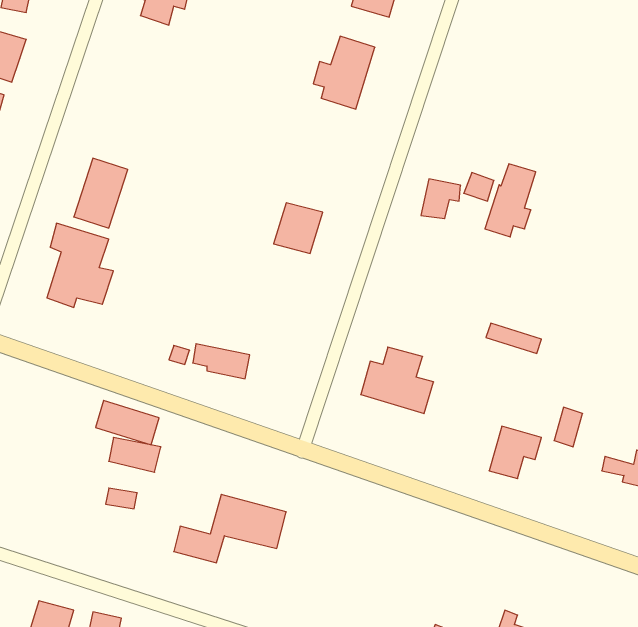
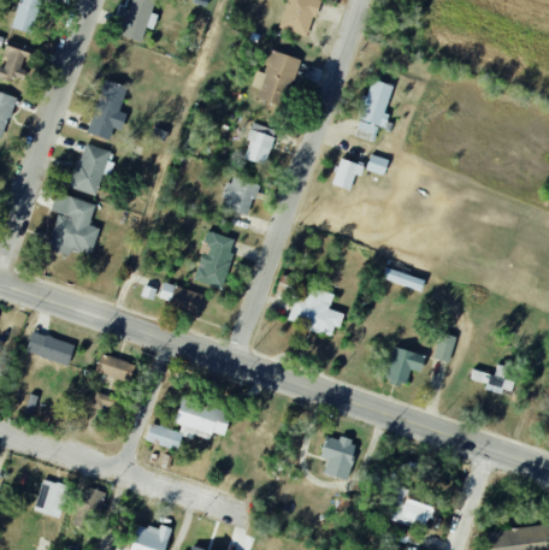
building: none -> [88,79,126,140]
building: none -> [242,123,277,165]
building: [485,164,536,237] -> [354,79,392,135]
building: none -> [194,231,235,288]
building: [96,400,159,445] -> [25,331,73,365]
building: none -> [319,434,356,480]

